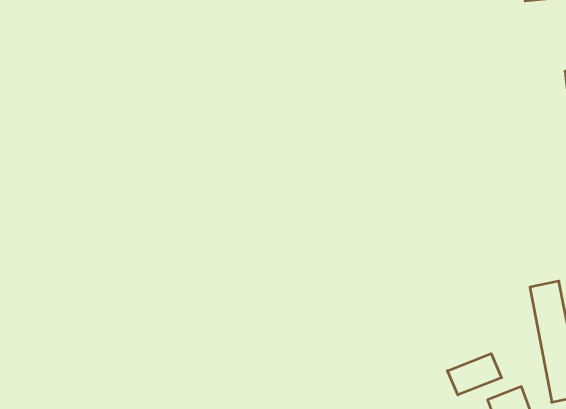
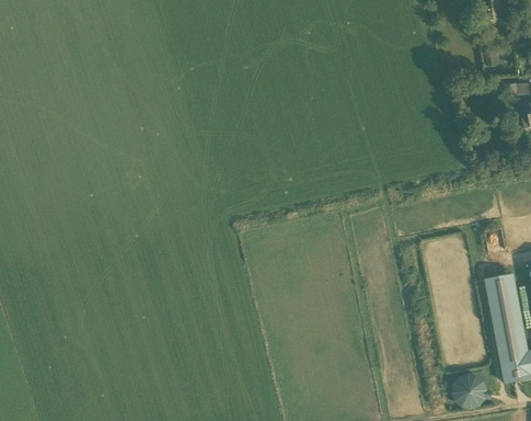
building: [447,354,502,395] -> none

